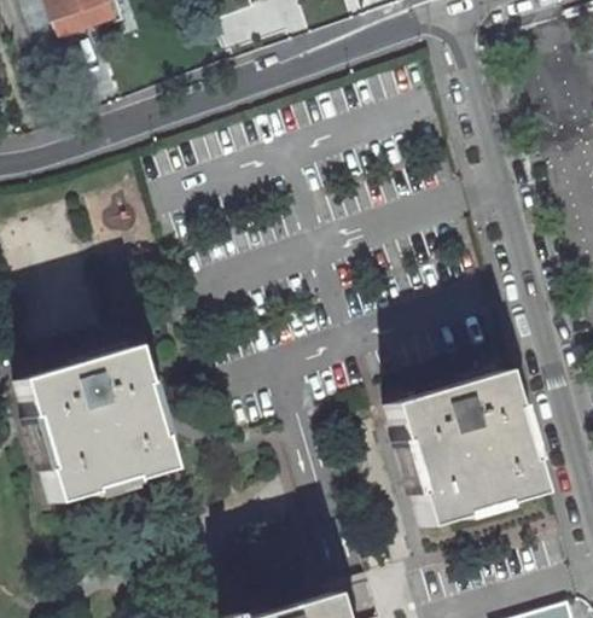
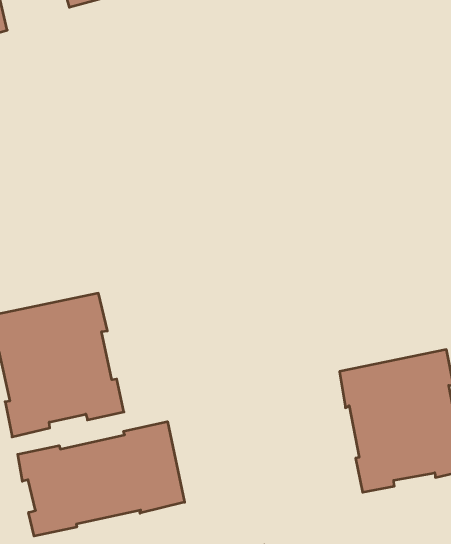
building: none -> [18,422,185,536]

